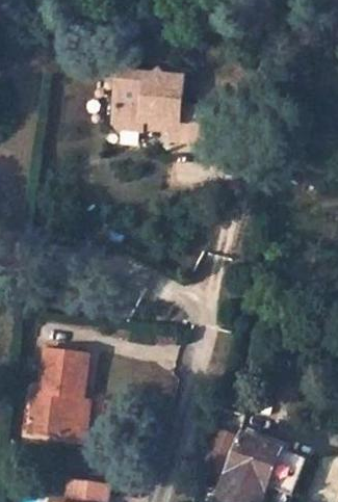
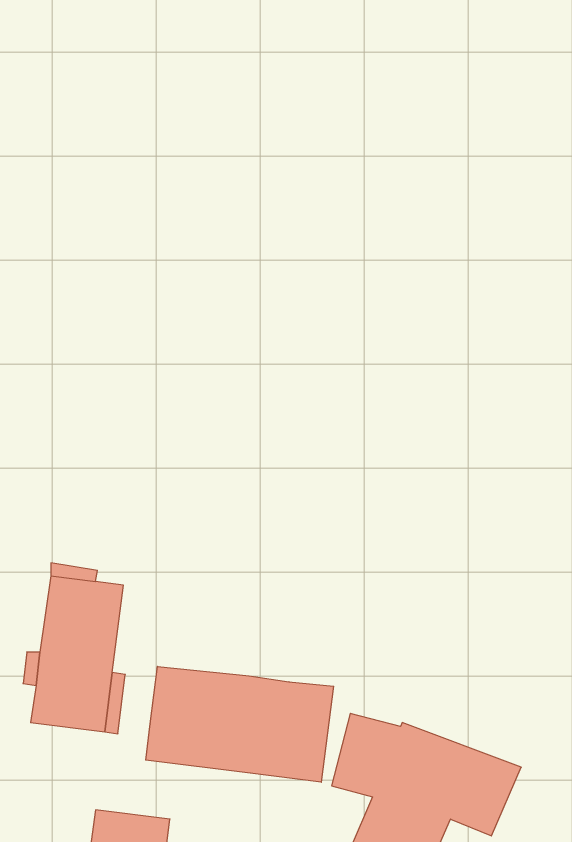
building: [104,72,197,146] -> none
building: none -> [146,666,334,782]

